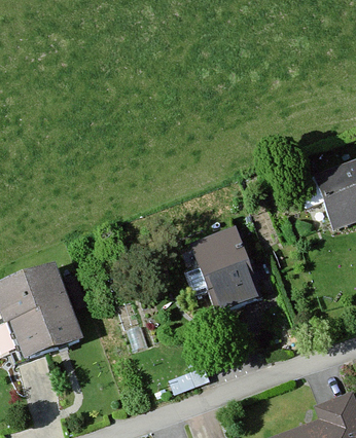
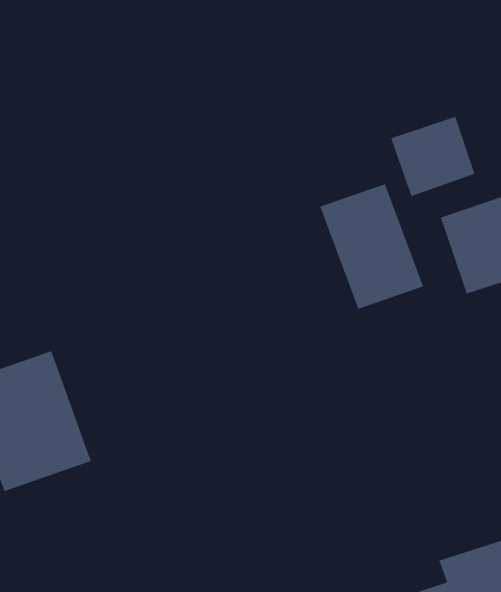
building: none -> [390,116,476,197]
building: [190,228,260,313] -> [319,183,424,310]

